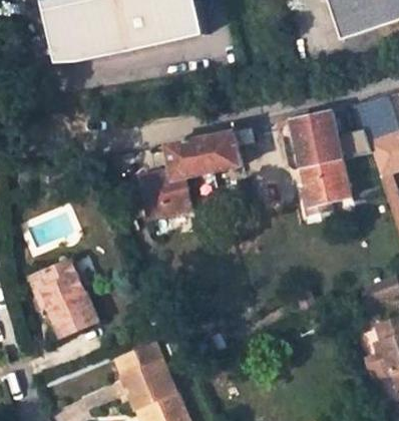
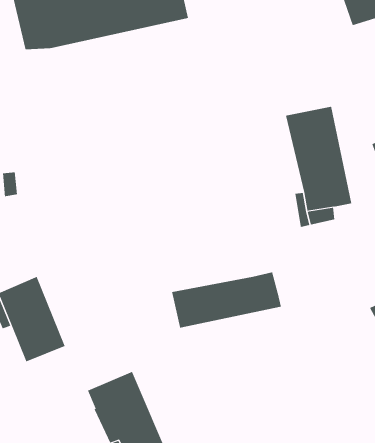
building: [135,127,251,217] -> none
building: none -> [171,271,282,329]

